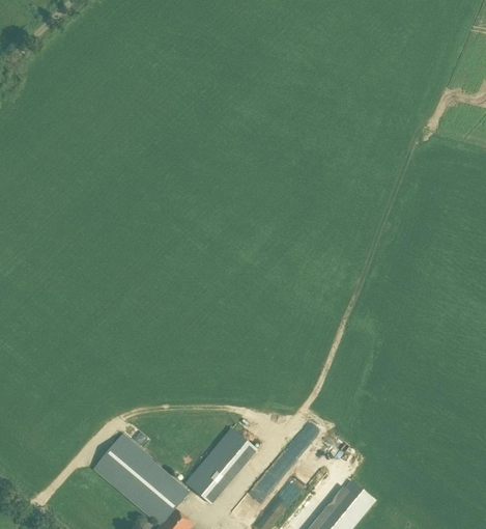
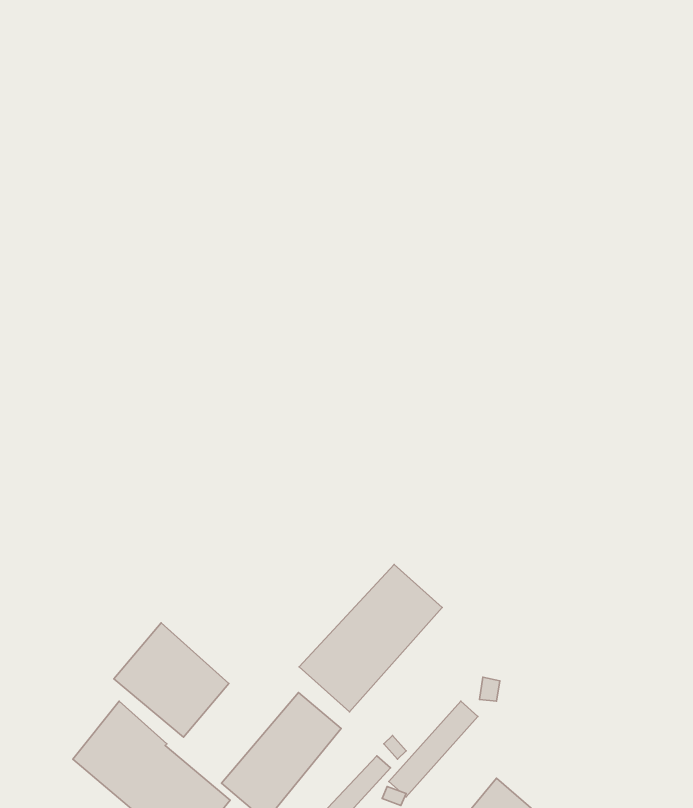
building: none -> [299,564,442,712]
building: none -> [114,623,229,737]

